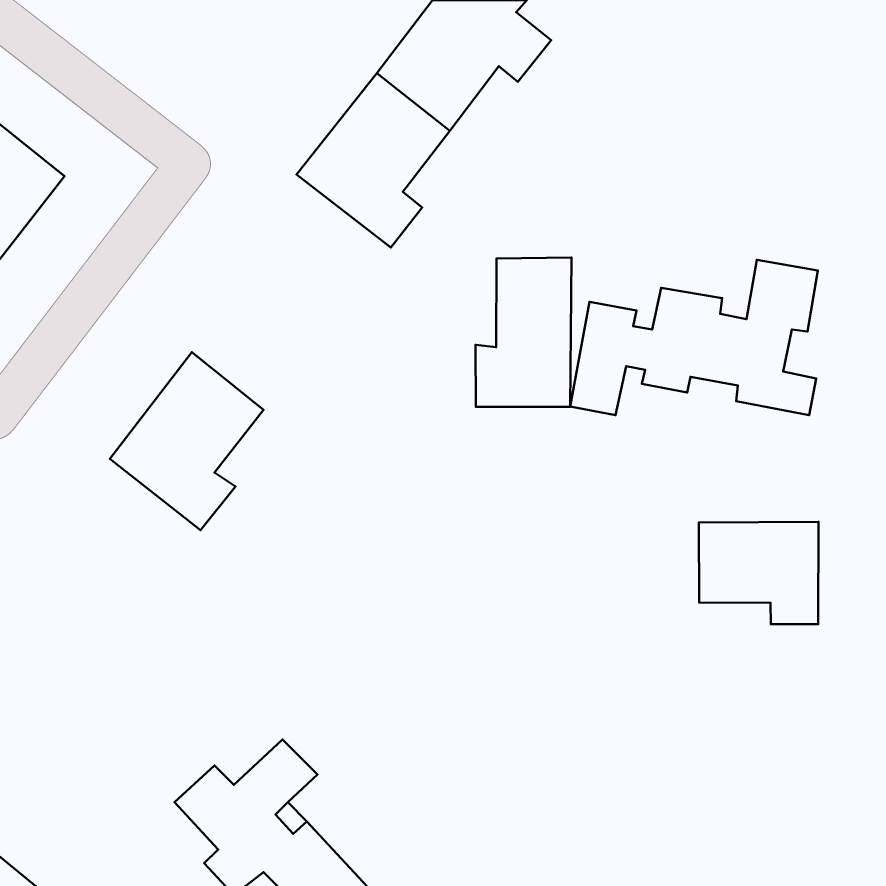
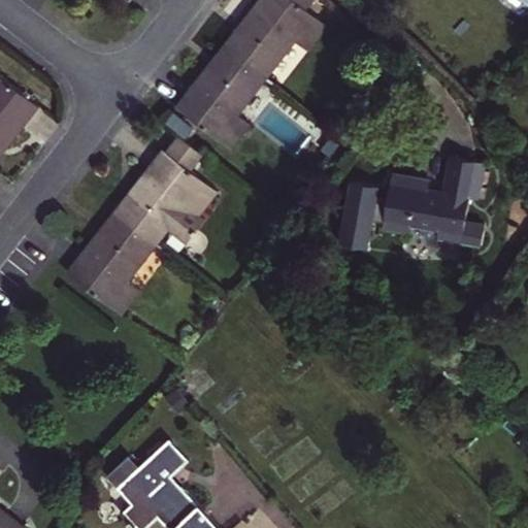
building: none -> [113,137,217,245]
building: [476,258,572,407] -> none
building: [699,522,818,624] -> none

